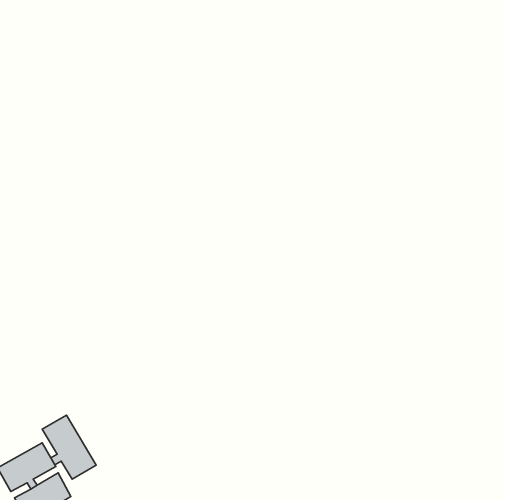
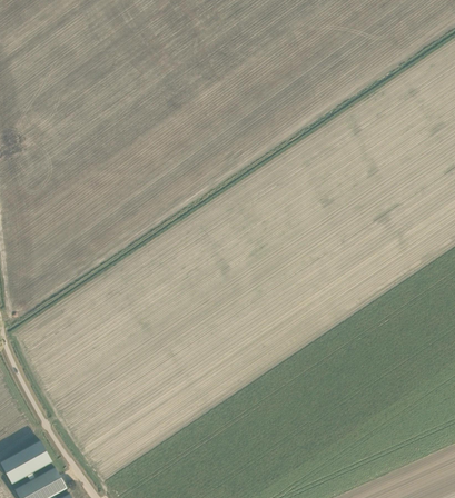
building: [42,415,96,479] -> none

